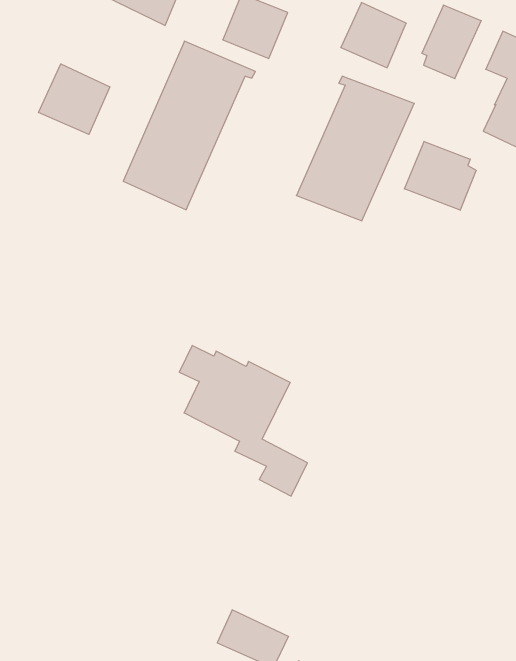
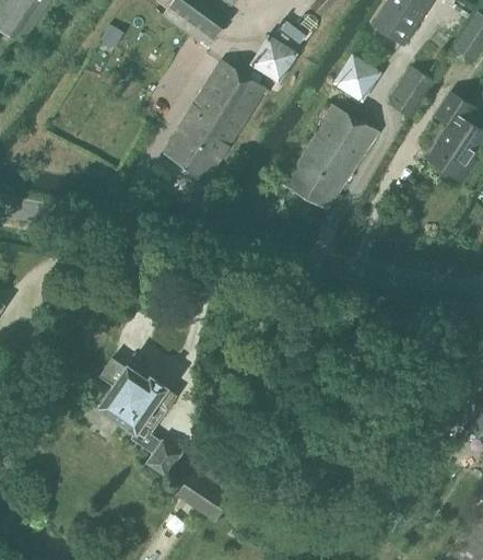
building: [39,64,110,134] -> none
building: [404,141,476,210] -> none
building: [179,346,307,496] -> [98,359,180,477]

